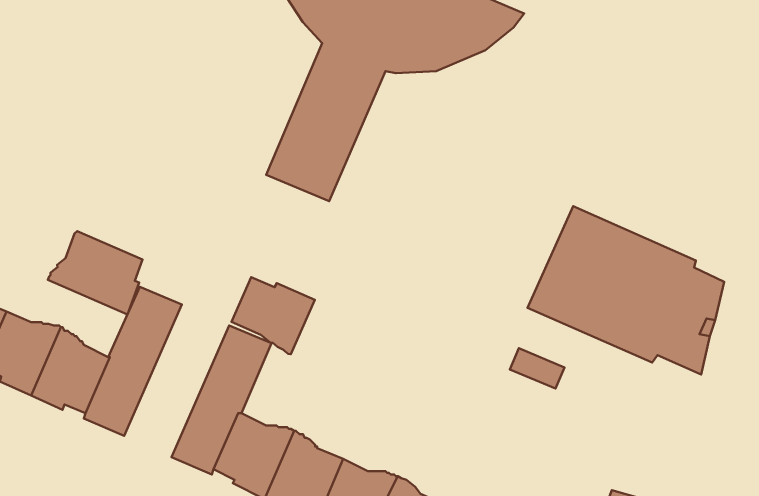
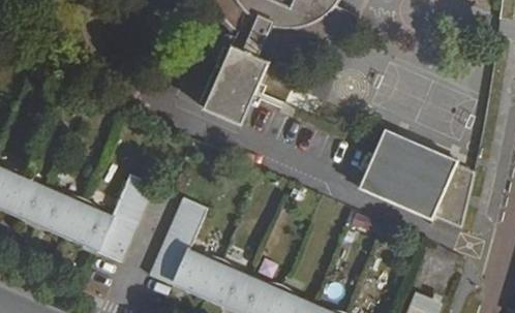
building: [48,231,142,314] -> none
building: [232,277,315,354] -> none

